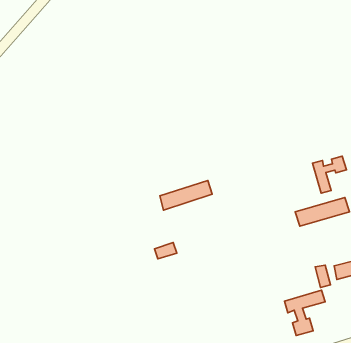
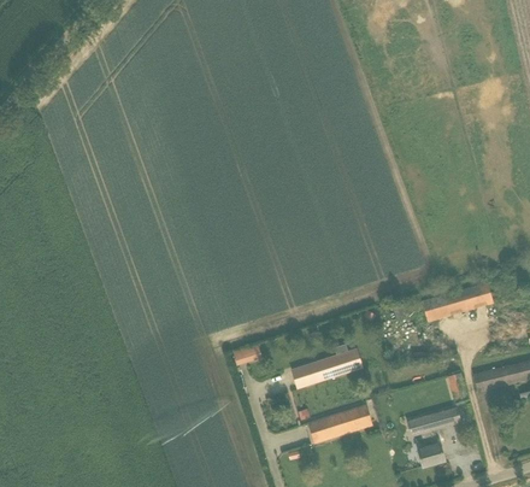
building: [313,156,347,193] -> none
building: [160,181,212,210] -> [292,350,361,389]
building: none -> [307,406,371,442]

